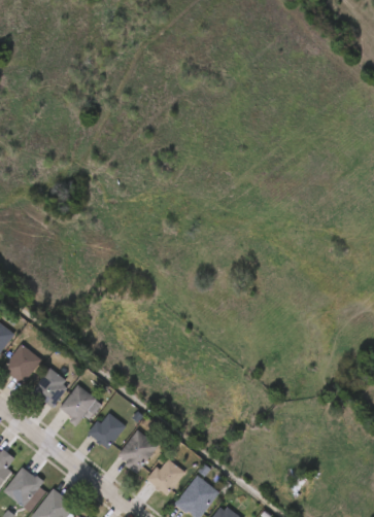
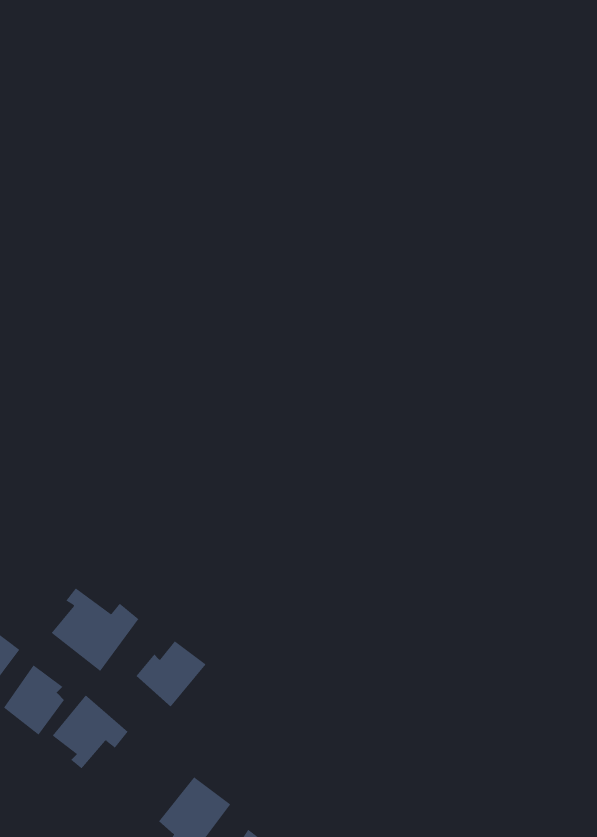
building: none -> [51,587,139,672]
building: [88,413,127,450] -> [135,640,206,708]

